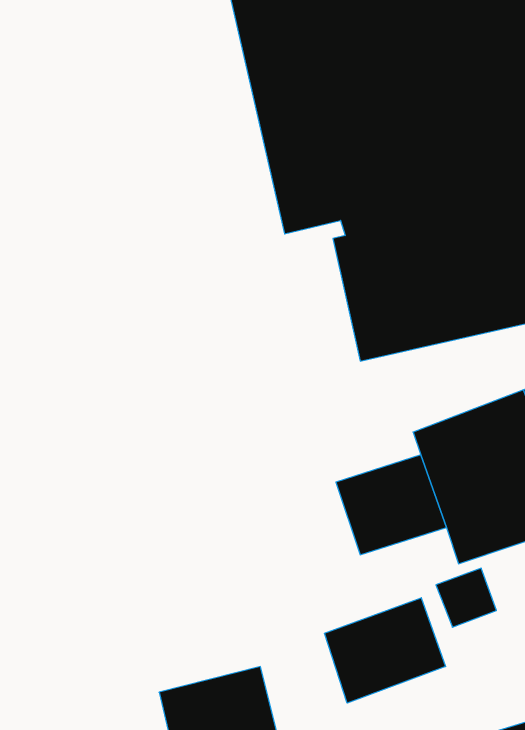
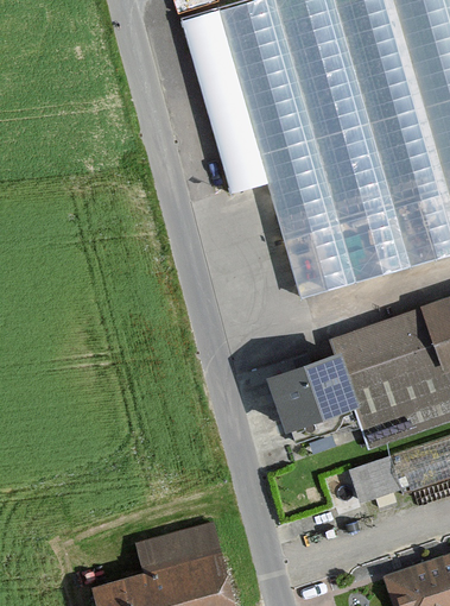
building: [324,598,446,703] -> none

